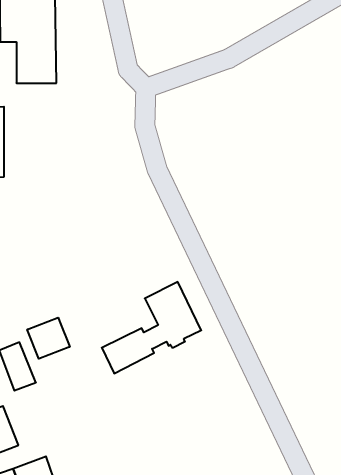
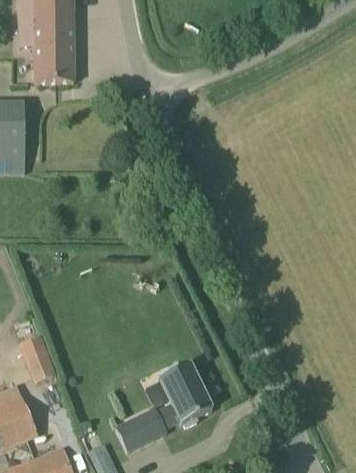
building: [102,282,201,373] -> [118,361,215,450]
building: [27,318,70,359] -> none

